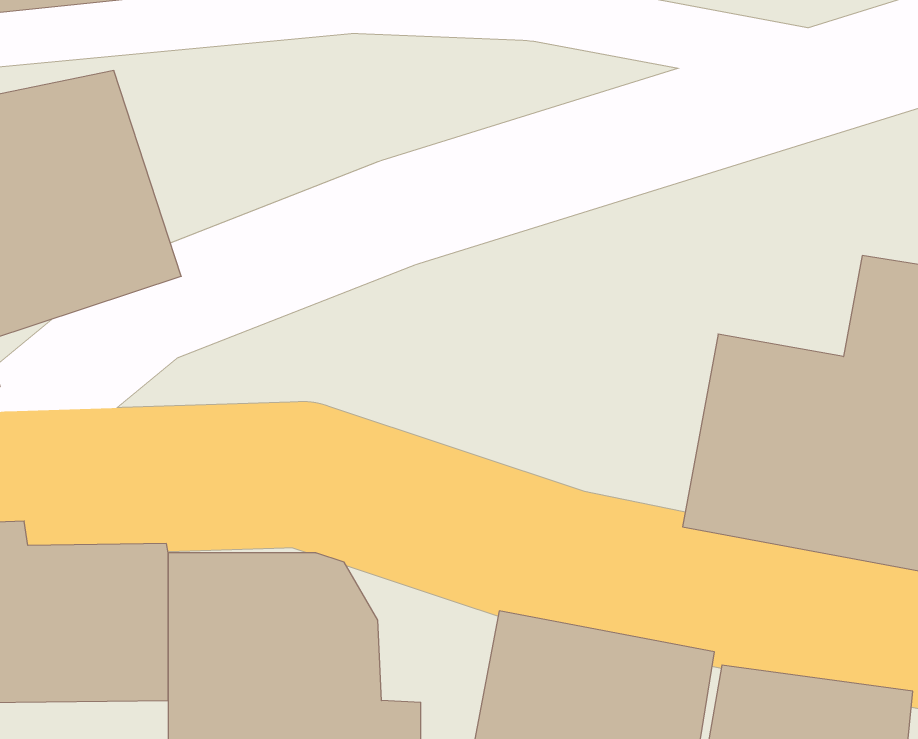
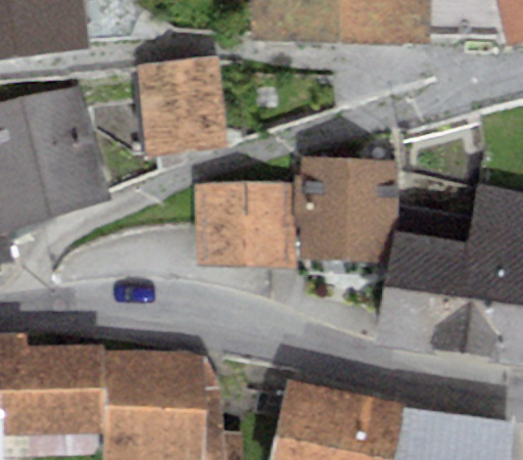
building: none -> [137,58,225,152]
building: none -> [294,157,397,255]
building: none -> [194,181,291,268]

